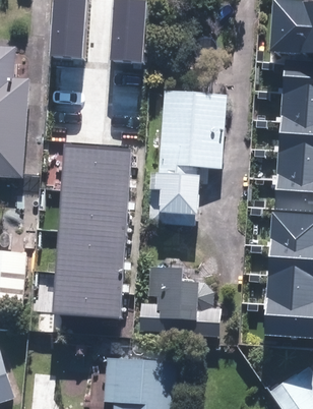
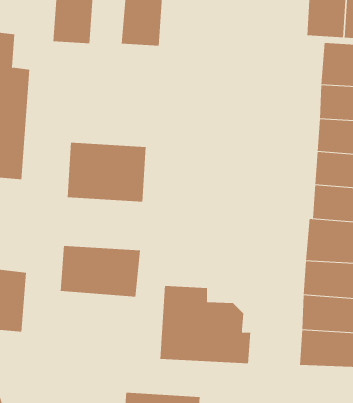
building: [152,93,225,215] -> none
building: [58,191,127,237] -> none
building: [52,273,121,318] -> none

